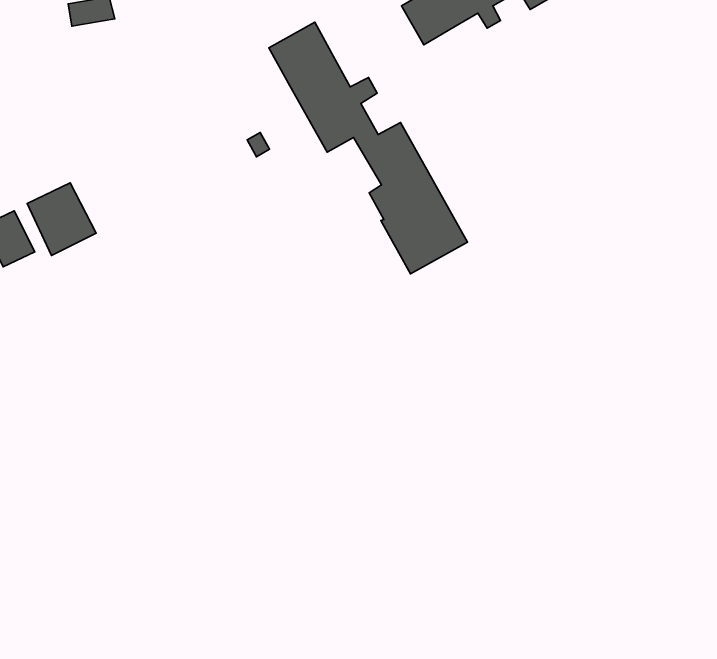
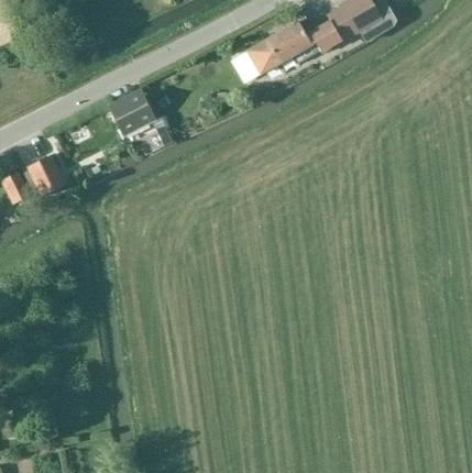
building: [269,22,467,274] -> none
building: none -> [108,91,155,134]

